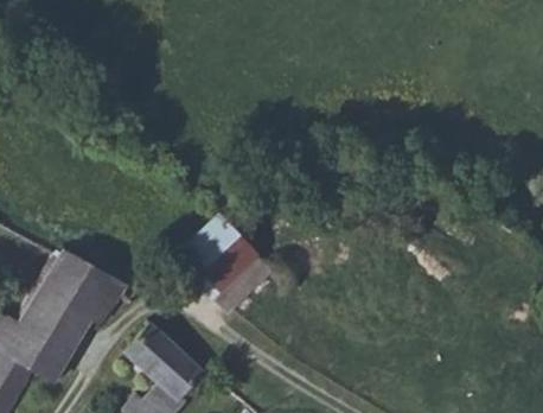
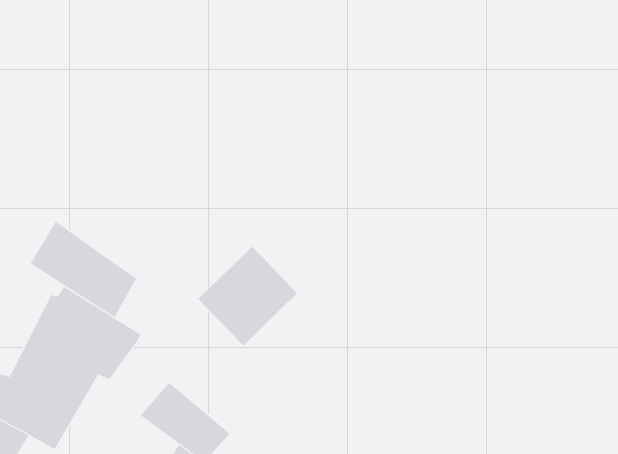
building: none -> [30,221,137,318]
building: [210,253,273,313] -> none

